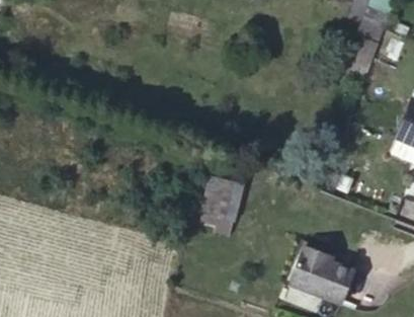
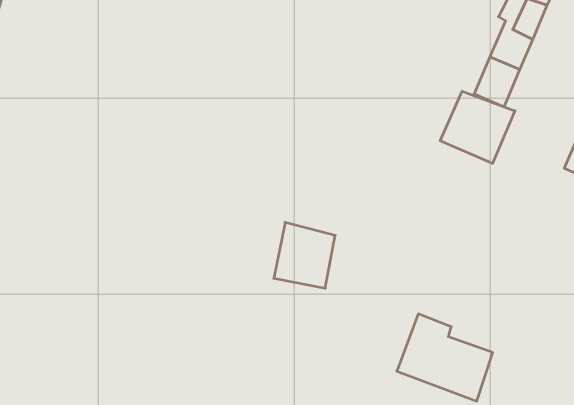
building: none -> [440,91,515,163]

